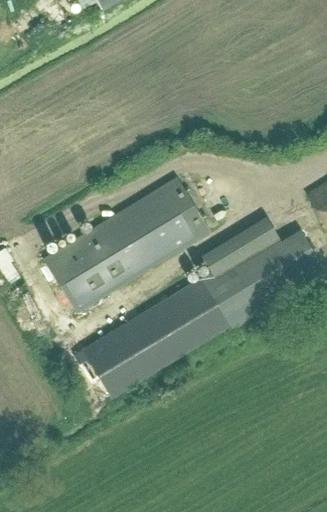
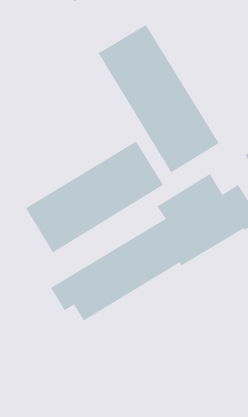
building: none -> [98,24,220,173]

